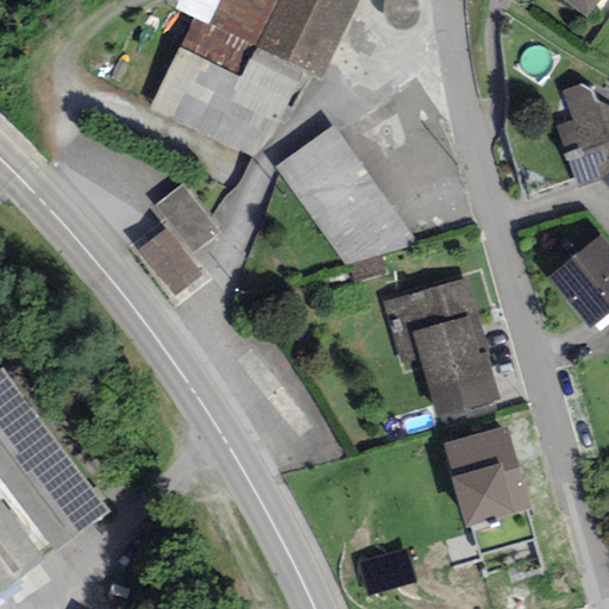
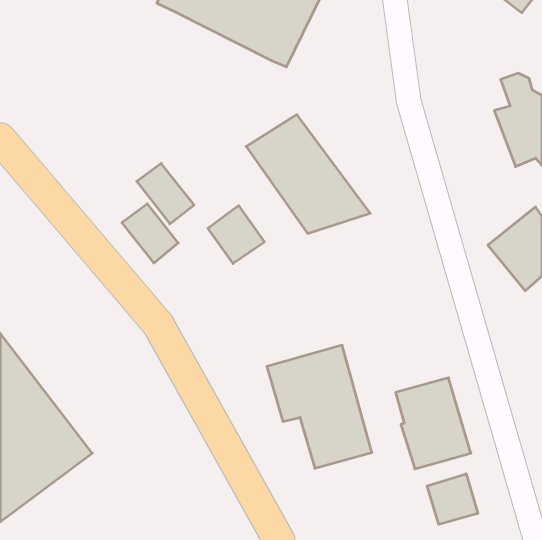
building: [149,13,304,161] -> none
building: none -> [208,206,264,264]
building: [383,276,501,414] -> [267,345,372,468]
building: none -> [427,474,478,524]

